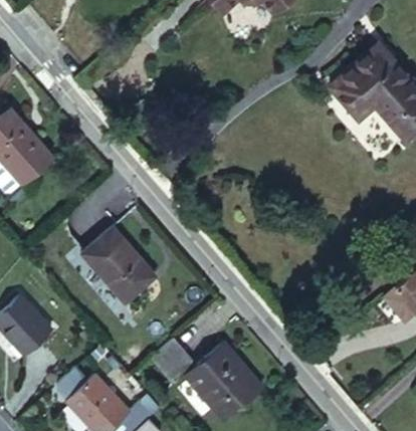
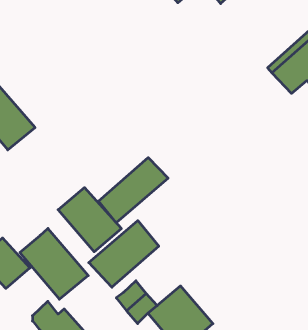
building: none -> [98,158,168,223]
building: none -> [89,221,159,287]
building: none -> [20,228,88,299]

